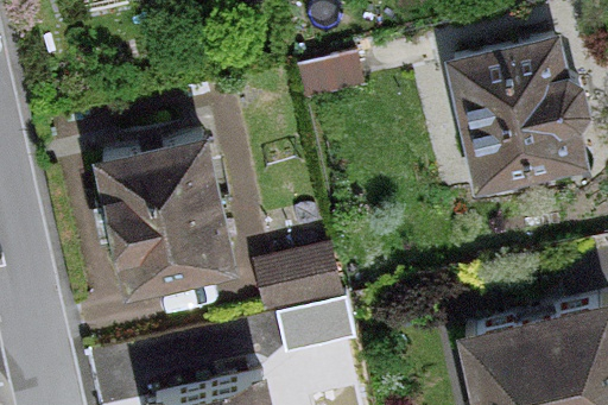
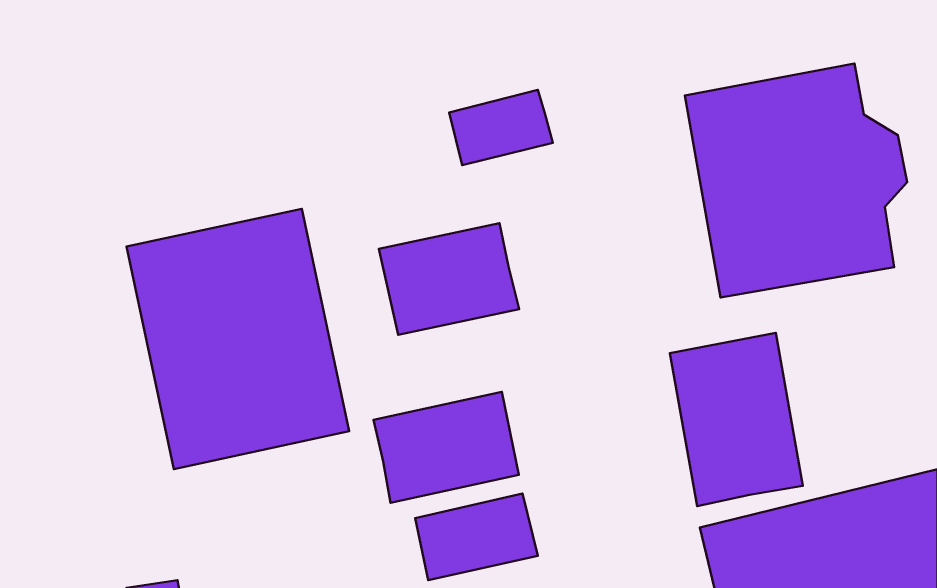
building: none -> [379,223,519,335]
building: none -> [670,333,803,506]

